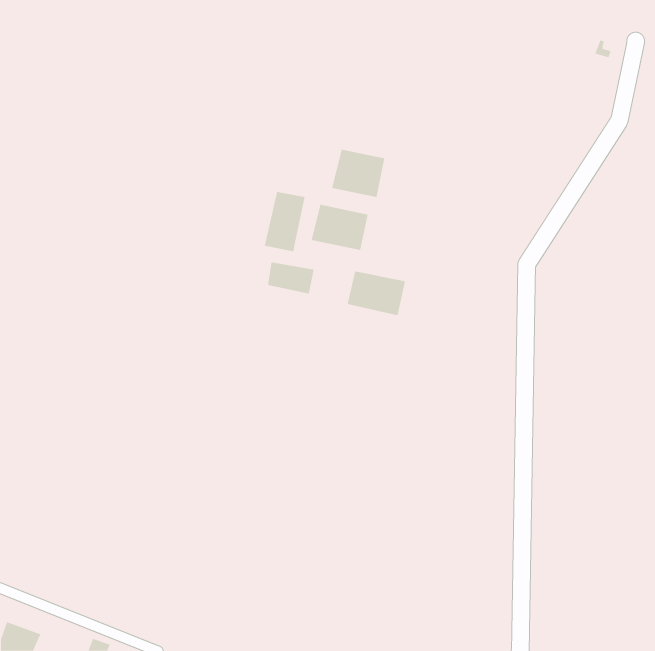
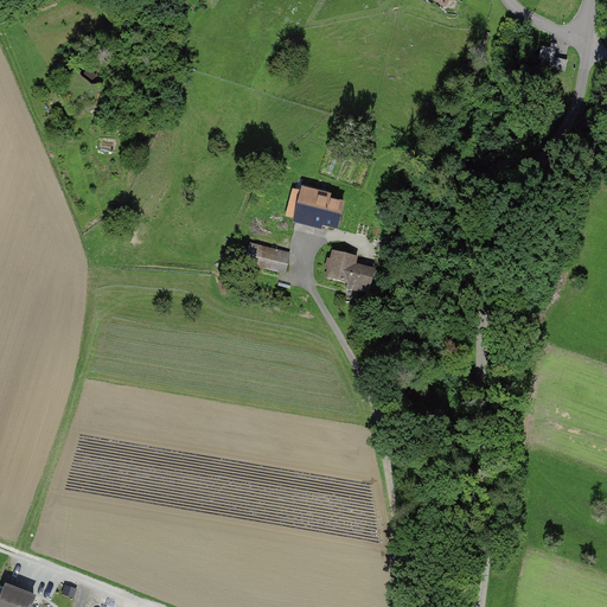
building: [332,149,385,198] -> none
building: [264,191,305,252] -> none

